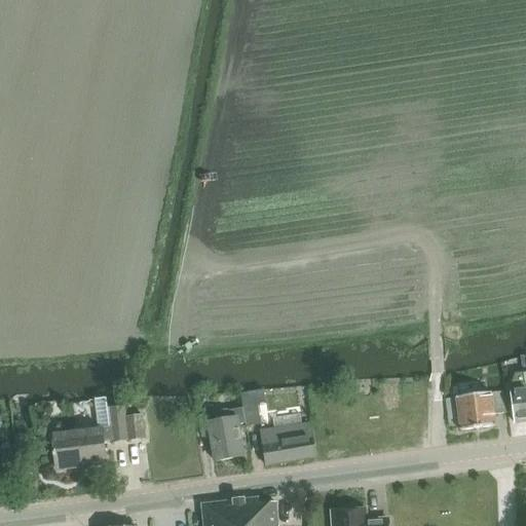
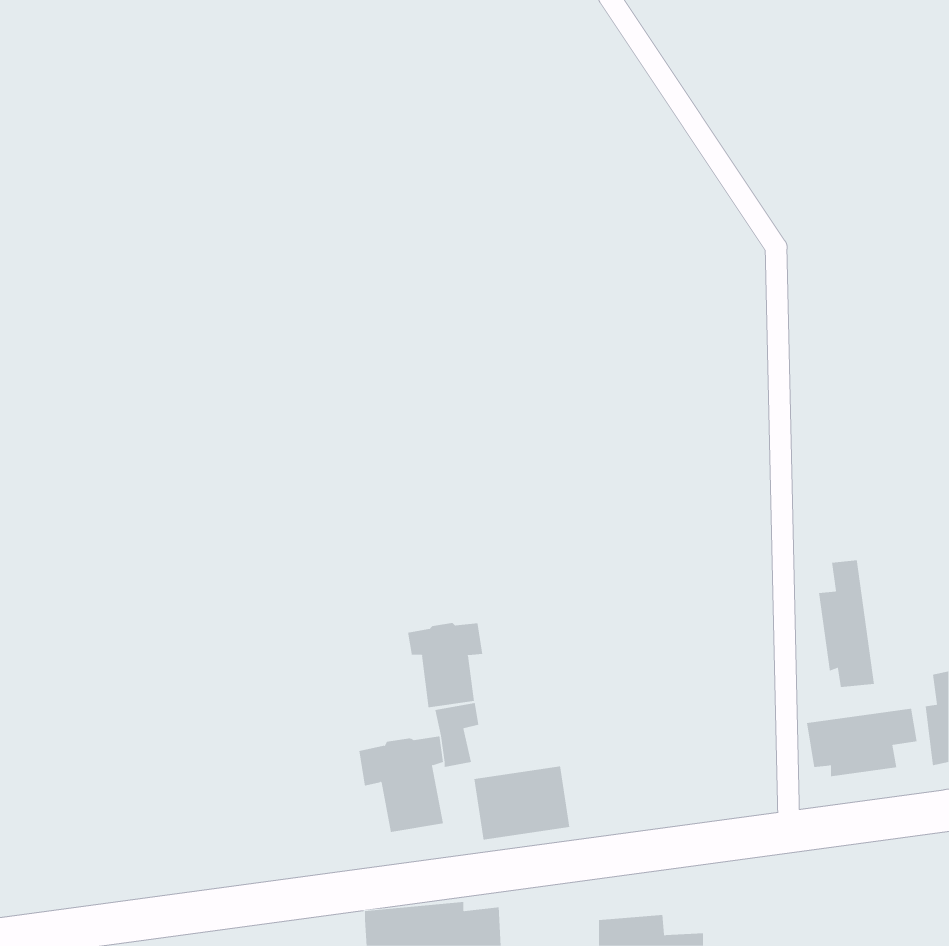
building: none -> [818,560,875,688]
building: none -> [407,622,483,708]
building: [52,397,146,466] -> none

